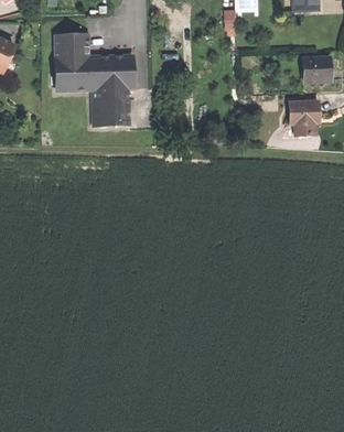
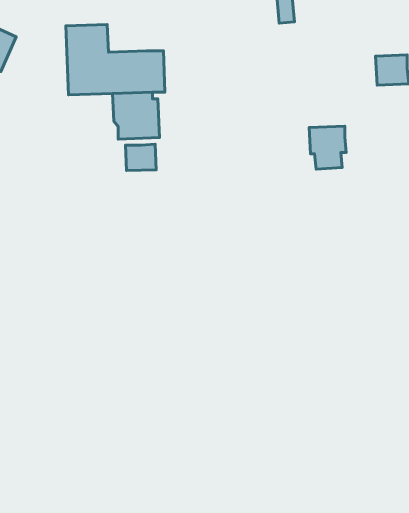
building: [288,101,318,136] -> [309,126,346,169]
building: none -> [126,144,156,171]

